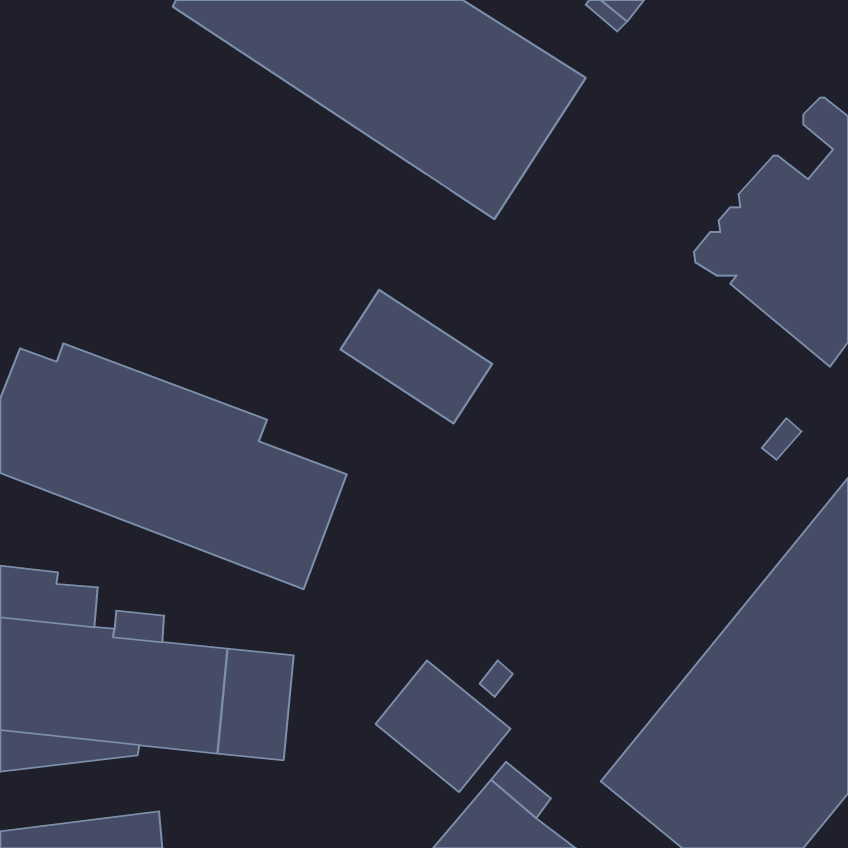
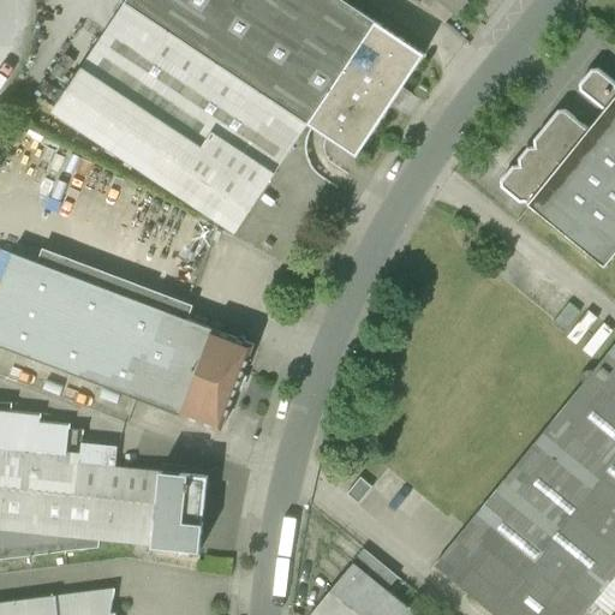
building: none -> [52,5,309,237]
building: [340,290,492,424] -> none
building: [376,660,510,792] -> none

